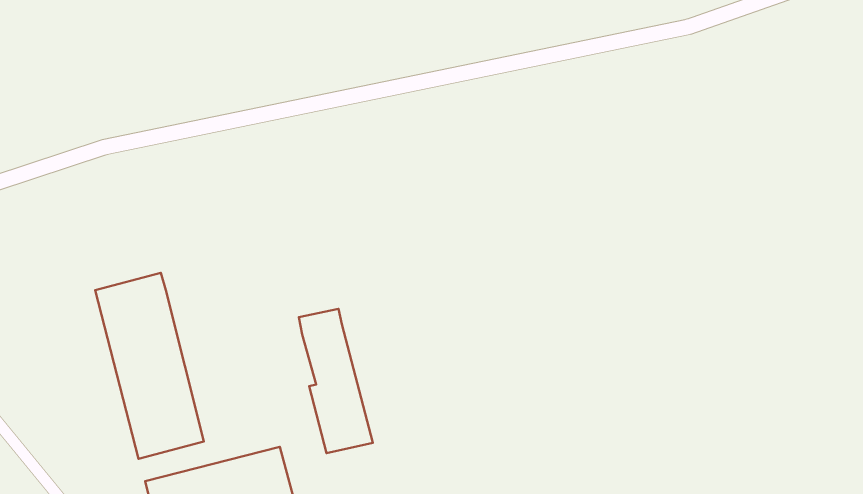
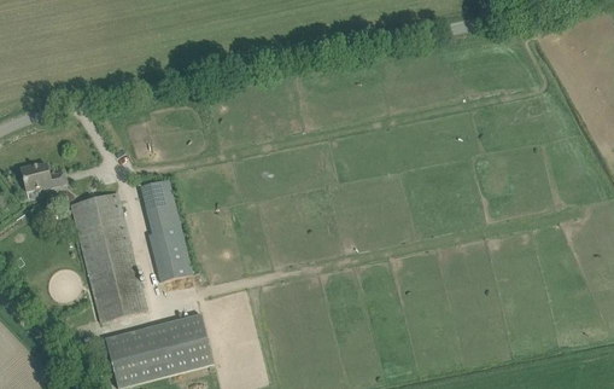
building: none -> [19,163,65,191]
building: [299,309,373,453] -> [140,180,192,281]

